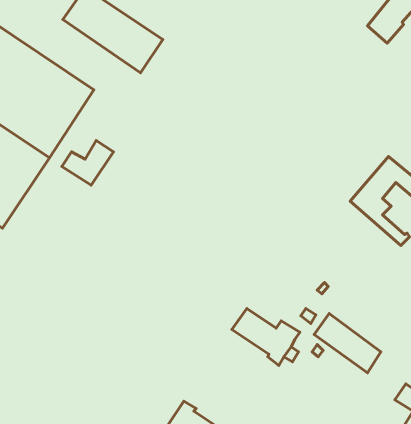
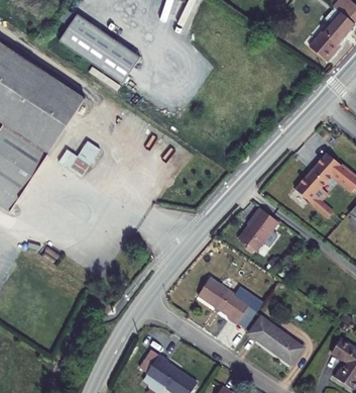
building: none -> [237,207,277,251]
building: [314,314,381,373] -> [248,315,303,364]

